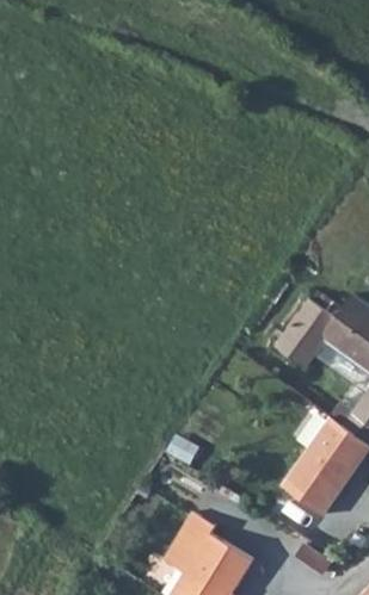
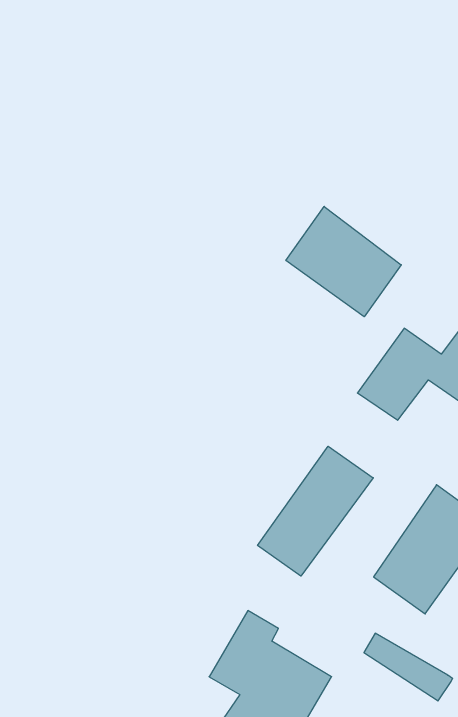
building: none -> [286,206,401,317]
building: none -> [258,446,373,576]

